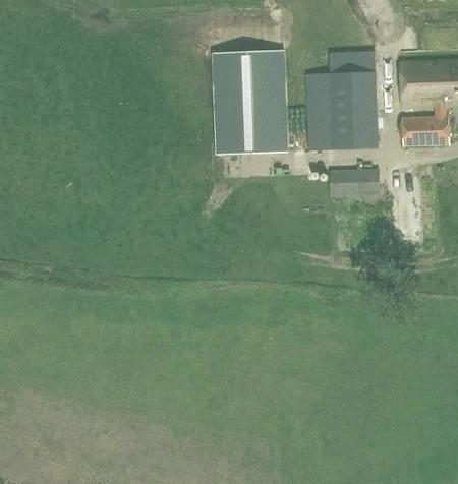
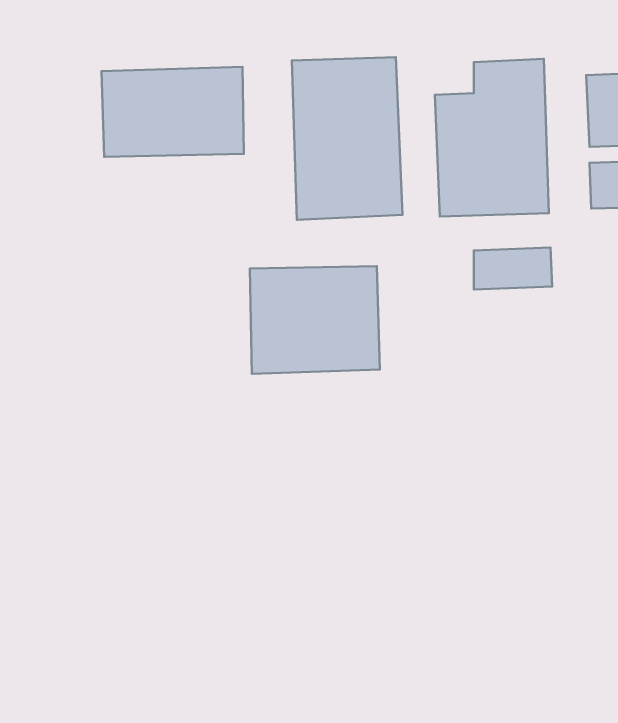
building: none -> [102,67,244,157]
building: none -> [250,266,380,374]

